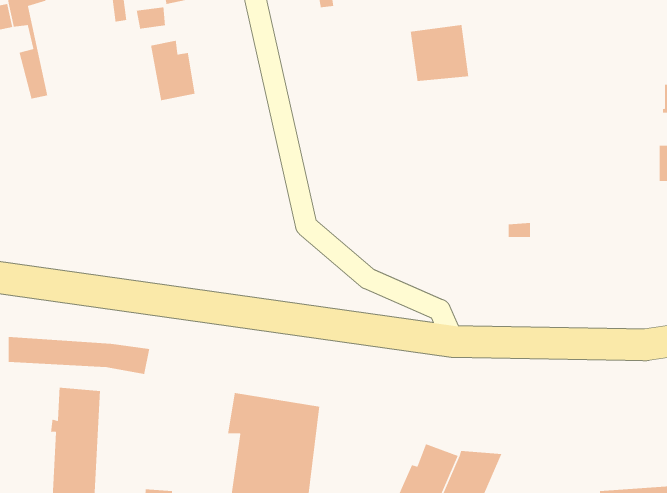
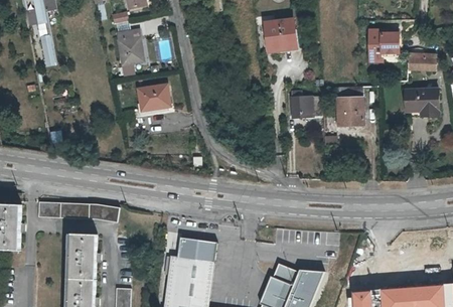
building: none -> [370,30,404,64]
building: none -> [141,88,172,113]
building: none -> [292,92,322,117]
building: none -> [341,100,366,129]

